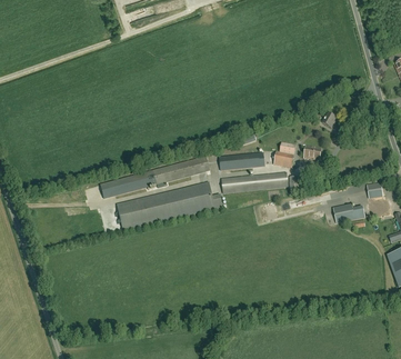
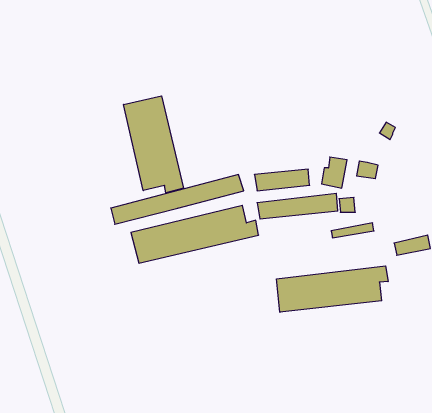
building: none -> [124,96,183,193]
building: none -> [277,266,388,312]

